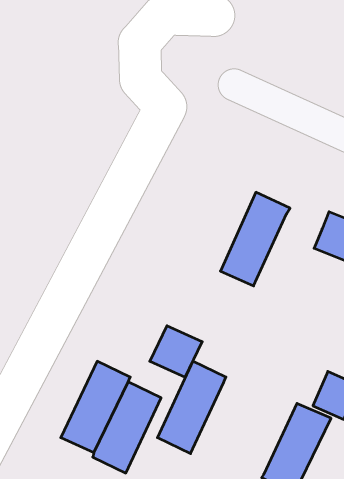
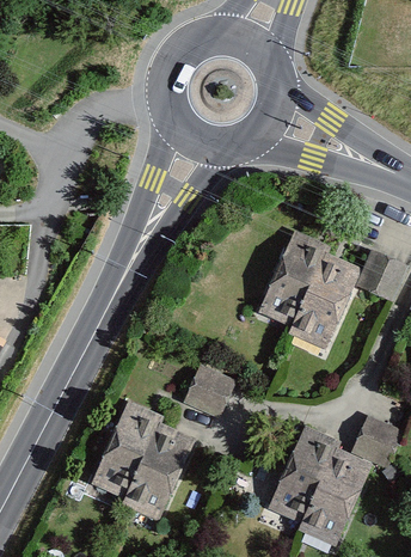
building: none -> [288,250,362,348]
building: [157,361,226,454] -> [266,426,338,522]

